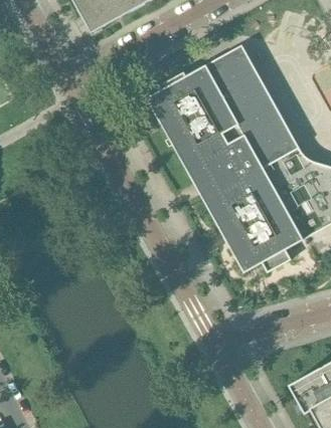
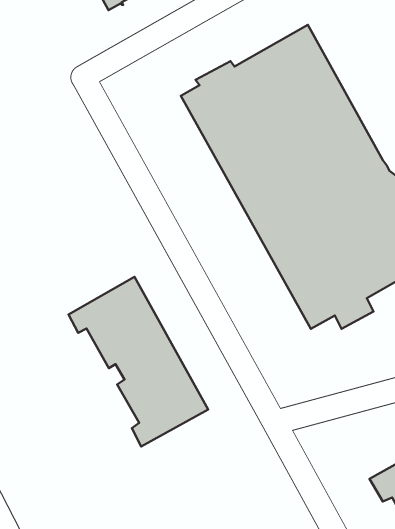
building: none -> [68,277,208,446]

